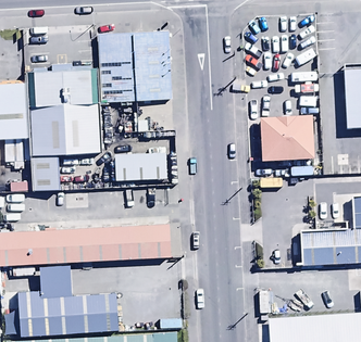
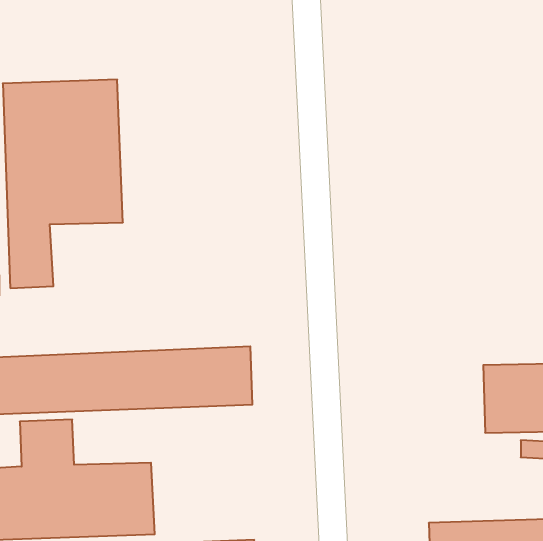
building: [98,33,172,103] -> none
building: [260,114,312,160] -> none
building: [114,150,170,182] -> none

